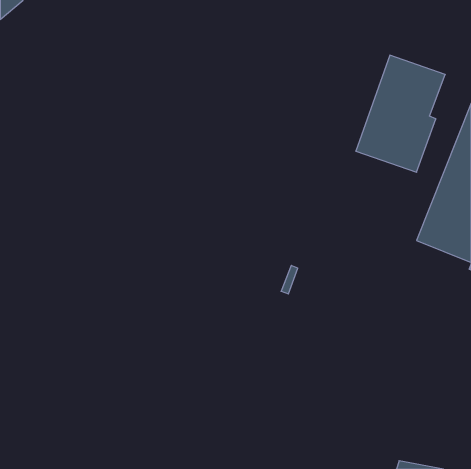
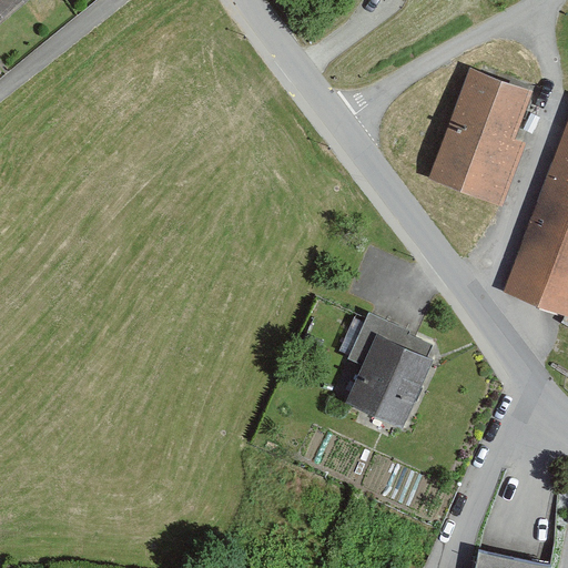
building: none -> [347,317,435,426]

